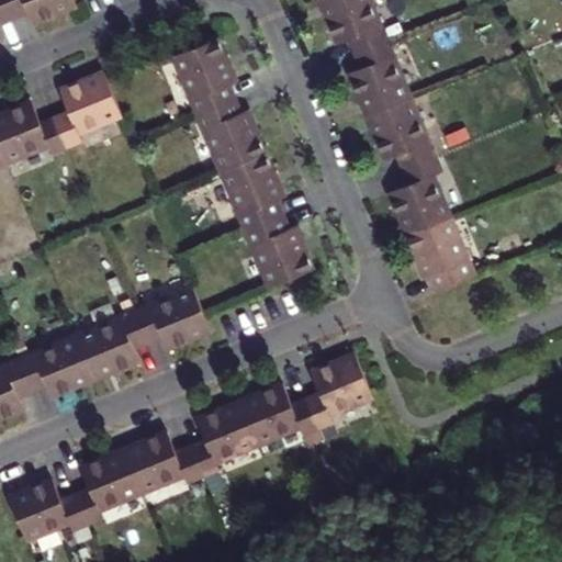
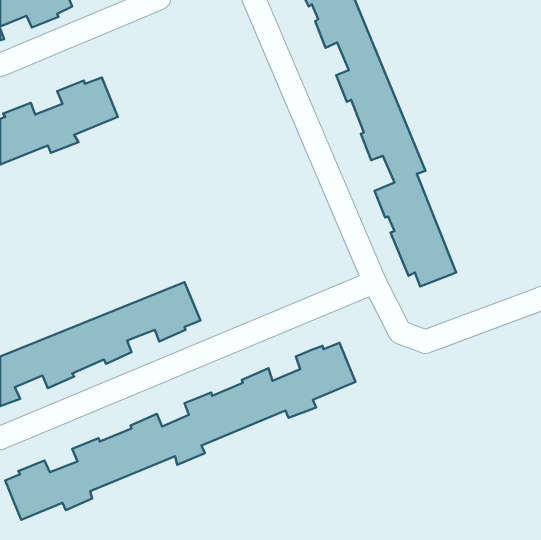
building: [175,45,314,297] -> none

